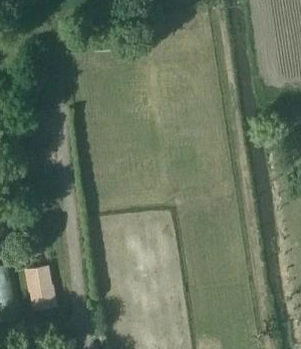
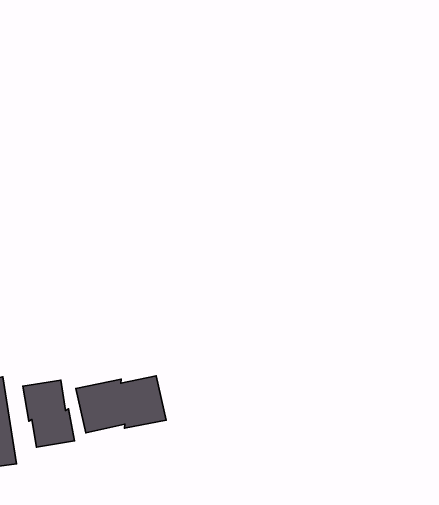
building: none -> [76,376,166,433]

